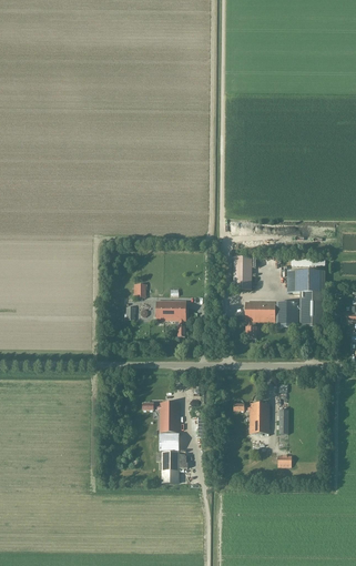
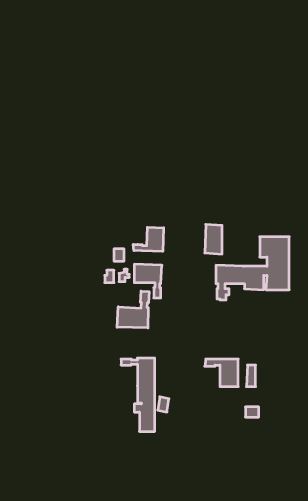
building: none -> [133,227,164,251]
building: none -> [117,291,149,328]

